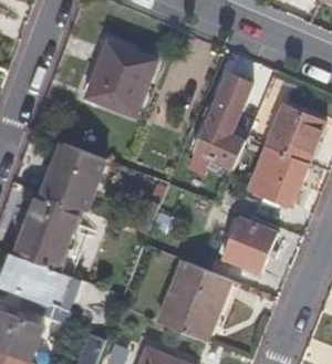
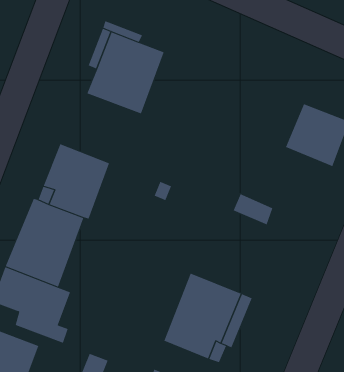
building: [186,73,252,183] -> none
building: [248,146,308,206] -> none
building: [221,217,278,274] -> none

